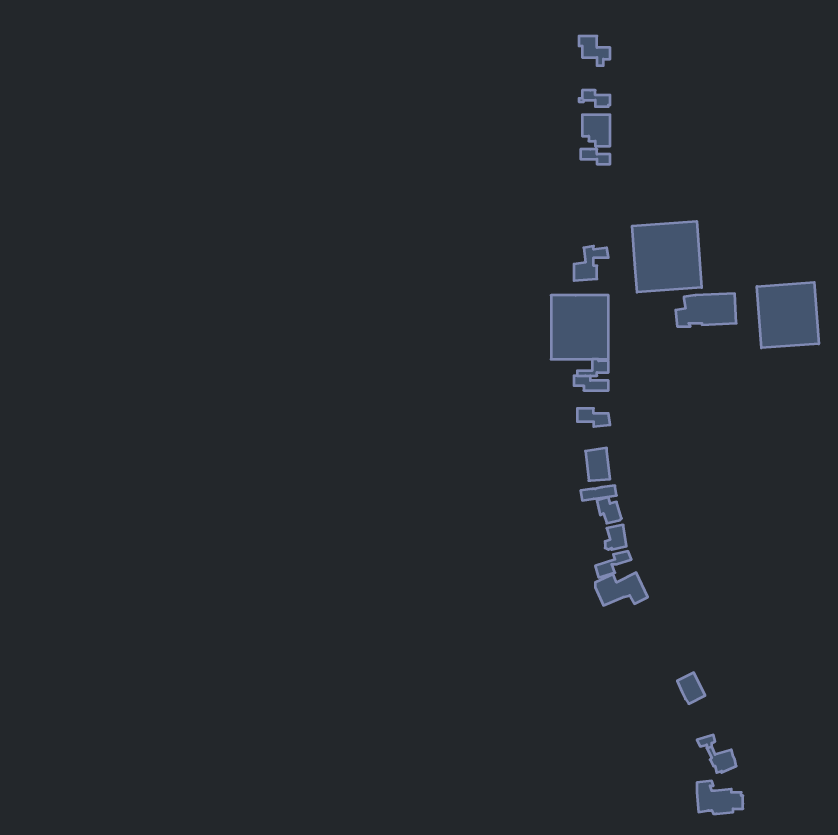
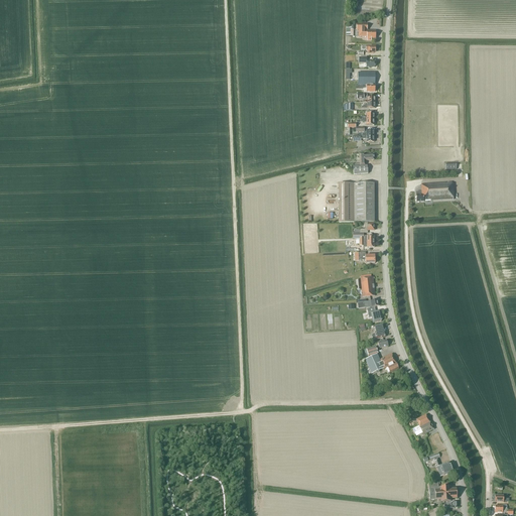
building: [632,221,702,292] -> none
building: [757,282,819,348] -> none

